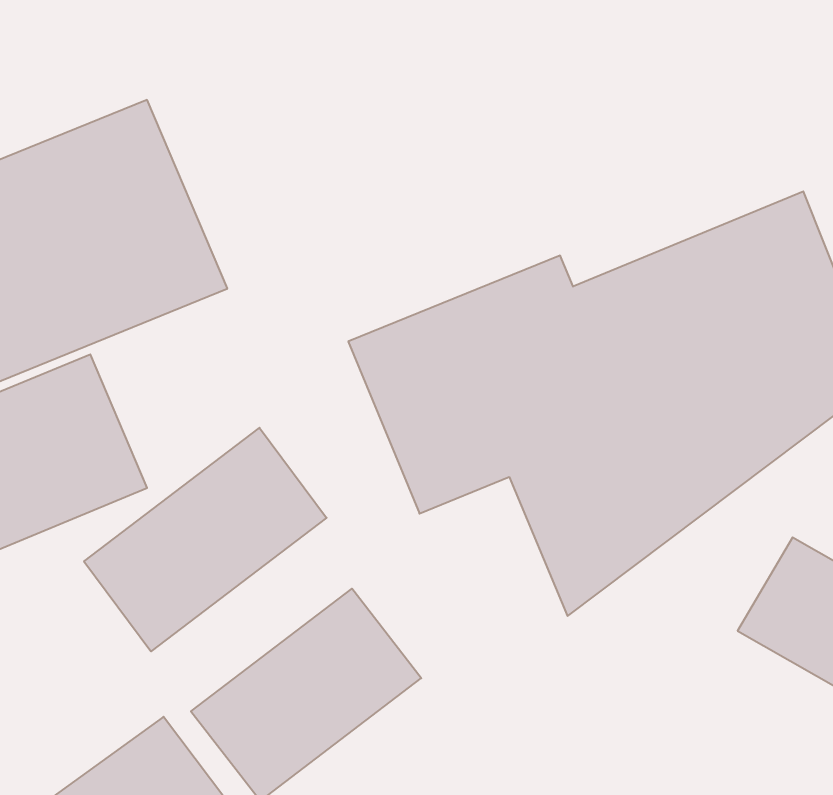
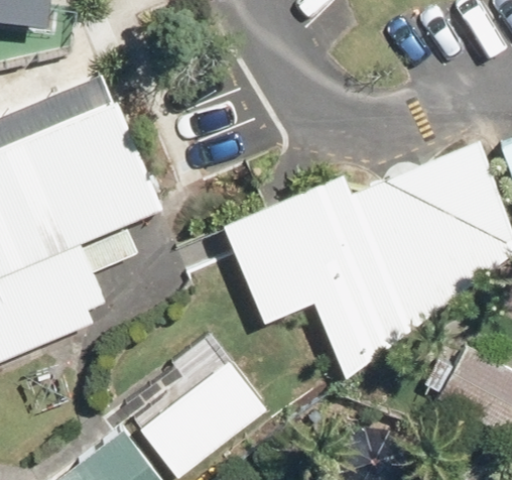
building: [84,428,327,651] -> none

